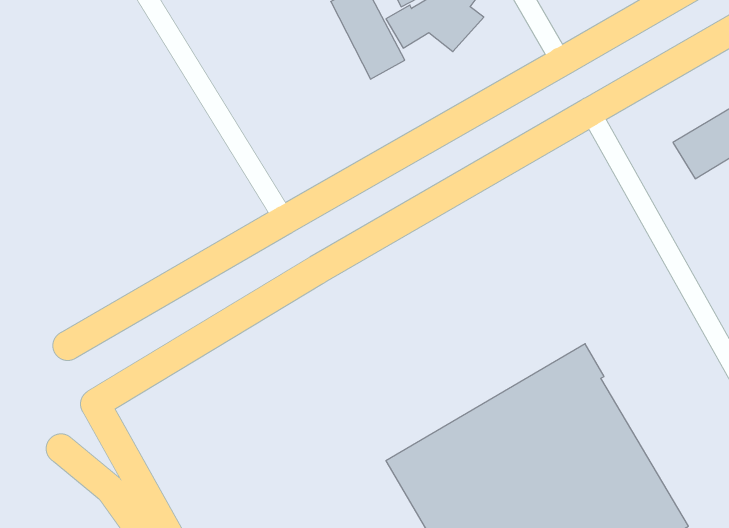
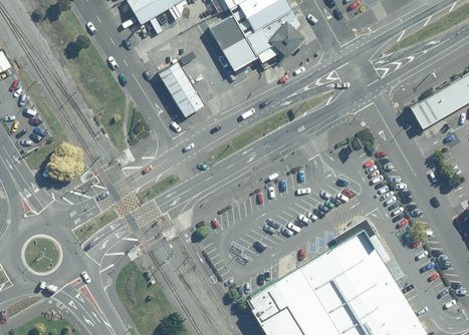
building: none -> [157,63,201,116]

